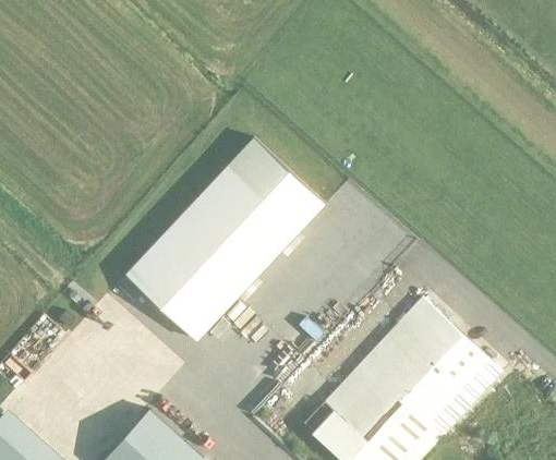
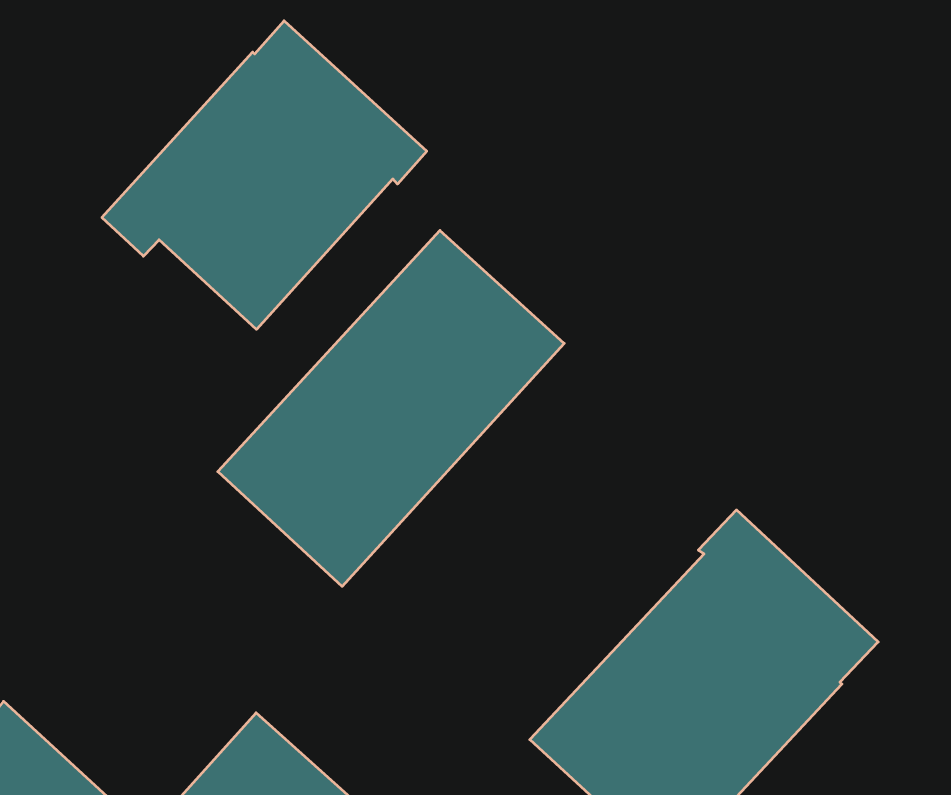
building: none -> [102,21,427,329]

